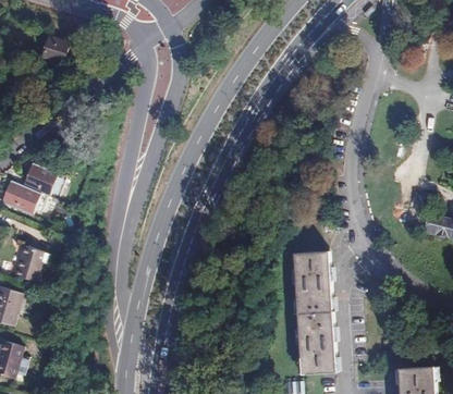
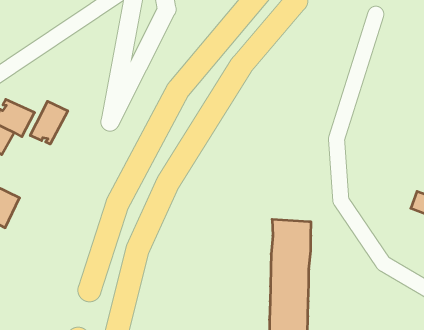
building: none -> [30,101,68,144]

